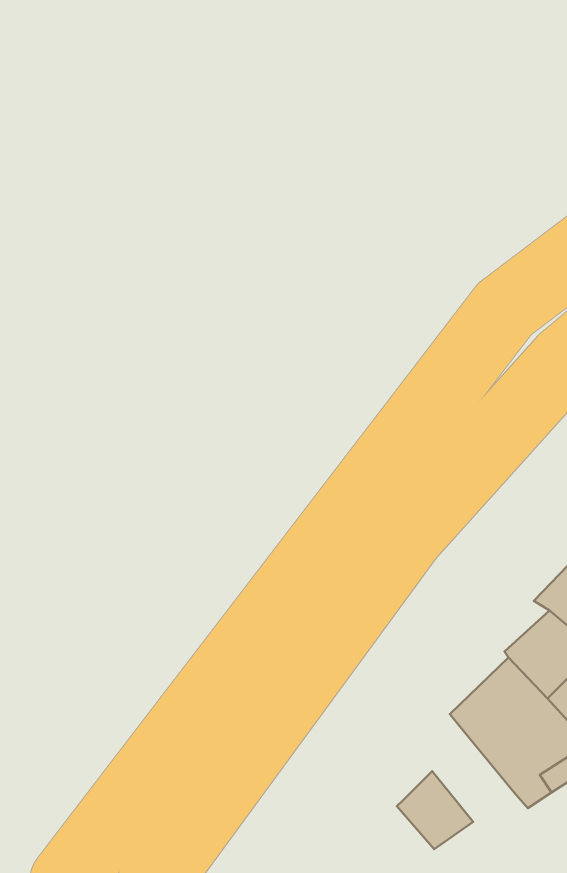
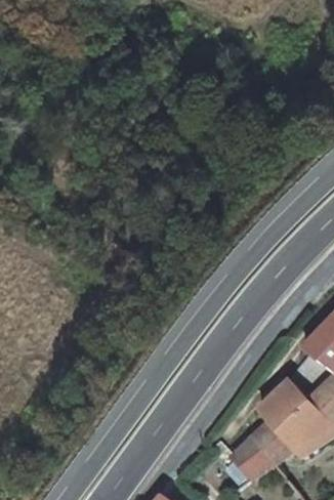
building: none -> [250,419,293,463]

